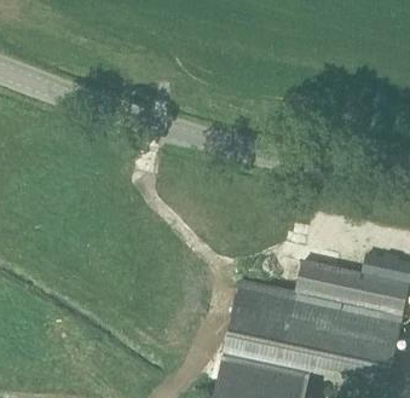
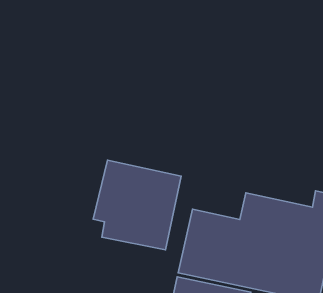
building: none -> [93,160,181,250]

